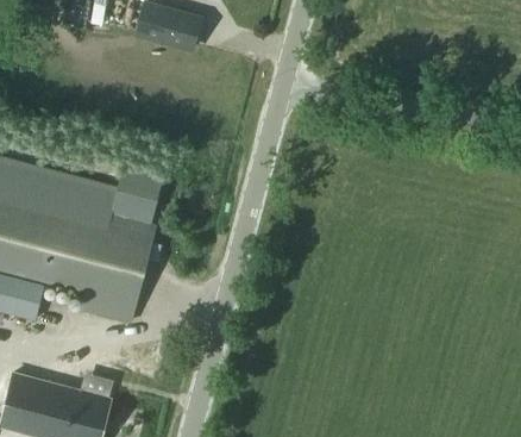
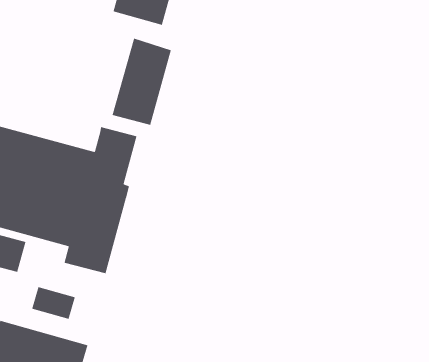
building: none -> [112,38,172,126]
building: none -> [31,286,76,320]

